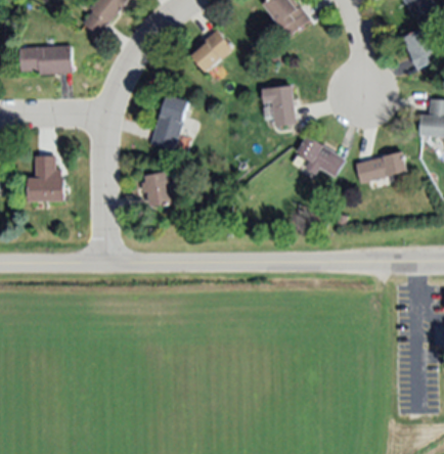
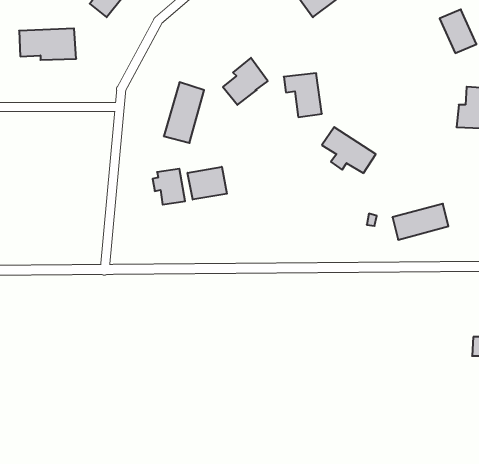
building: [190,29,231,72] -> [223,58,268,105]
building: [354,151,405,184] -> [392,204,448,240]
building: [27,156,63,202] -> none
building: none -> [188,167,227,200]

